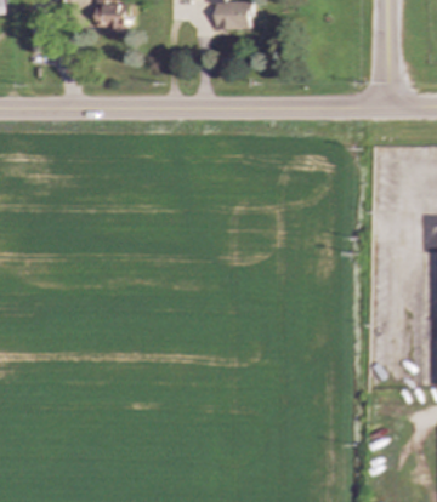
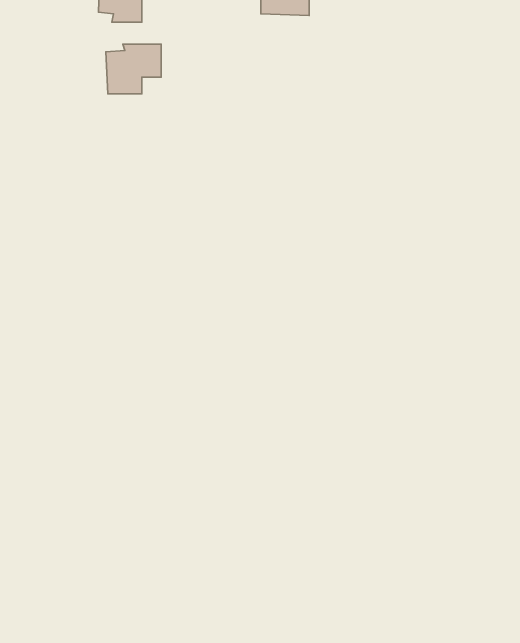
building: none -> [106,44,161,94]

